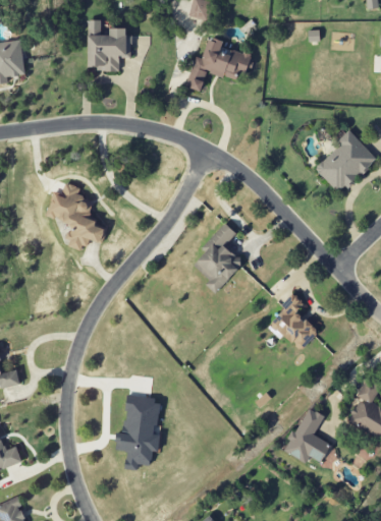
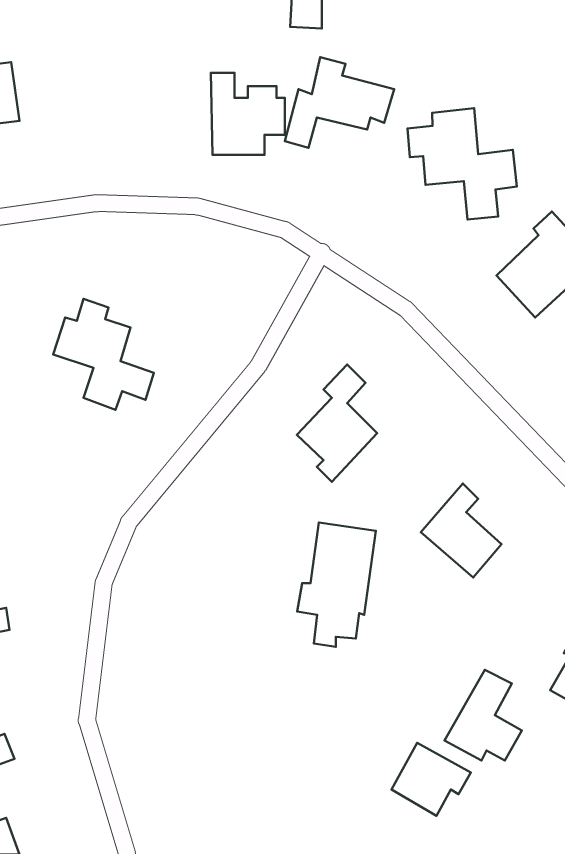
building: [87,19,131,69] -> [211,73,285,155]
building: none -> [408,108,517,220]
building: [114,395,162,470] -> [297,523,376,647]
building: none -> [391,743,471,816]

